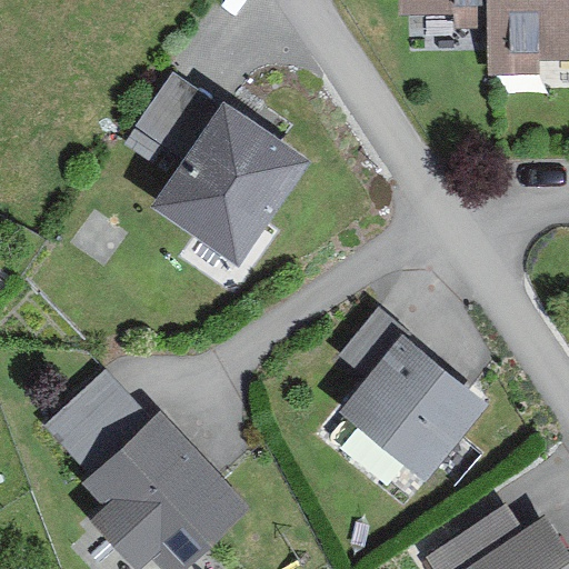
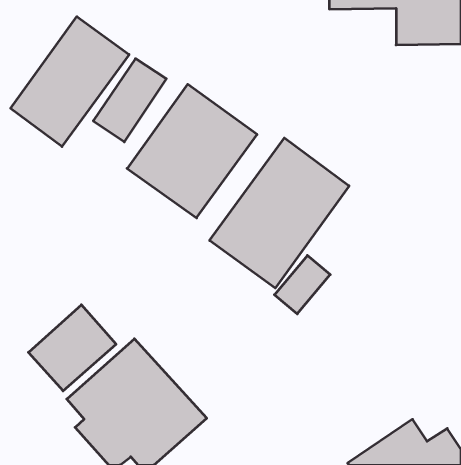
building: none -> [11,17,129,147]
building: none -> [210,138,349,288]
building: [341,340,488,483] -> none

